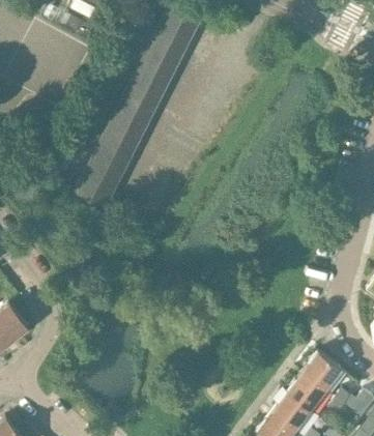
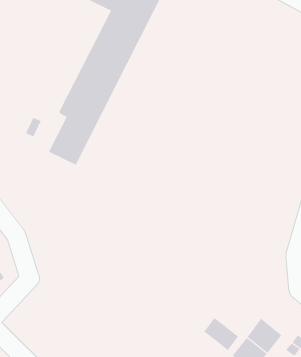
building: [304,353,342,391] -> none
building: none -> [203,317,239,351]

